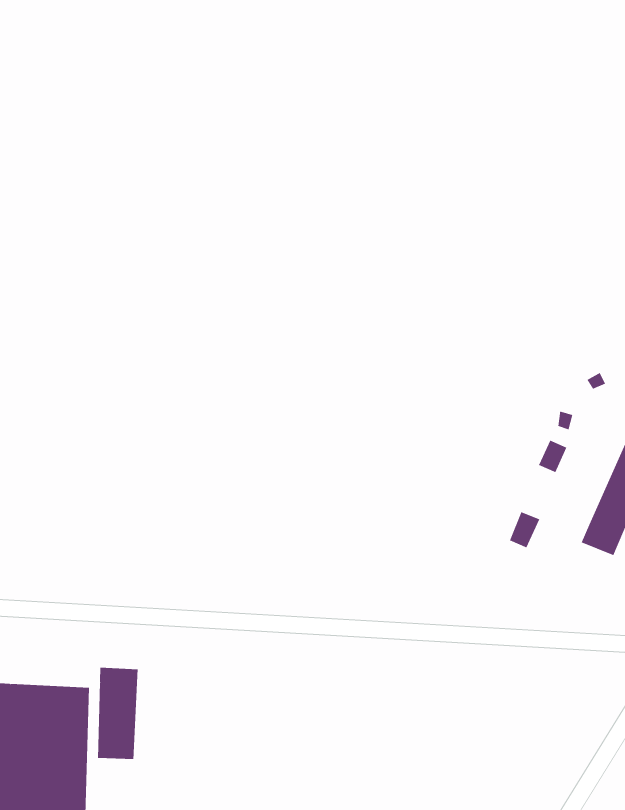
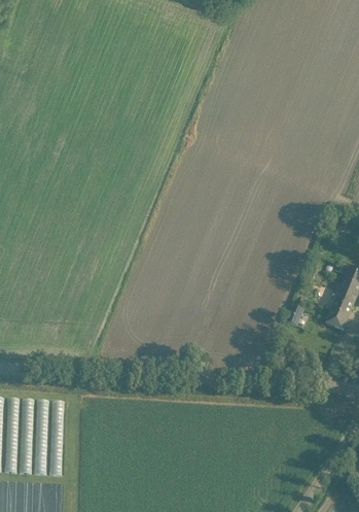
building: [97,667,138,760] -> none

